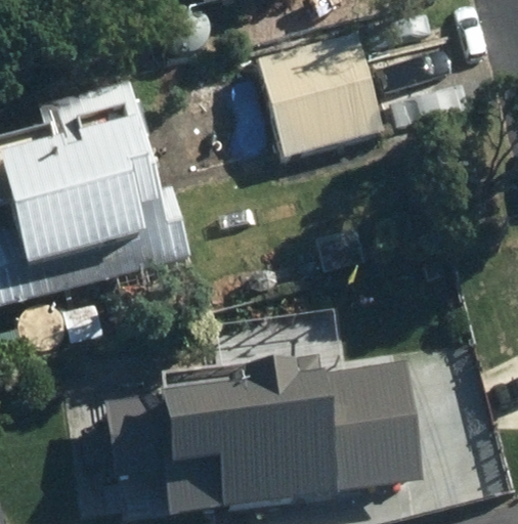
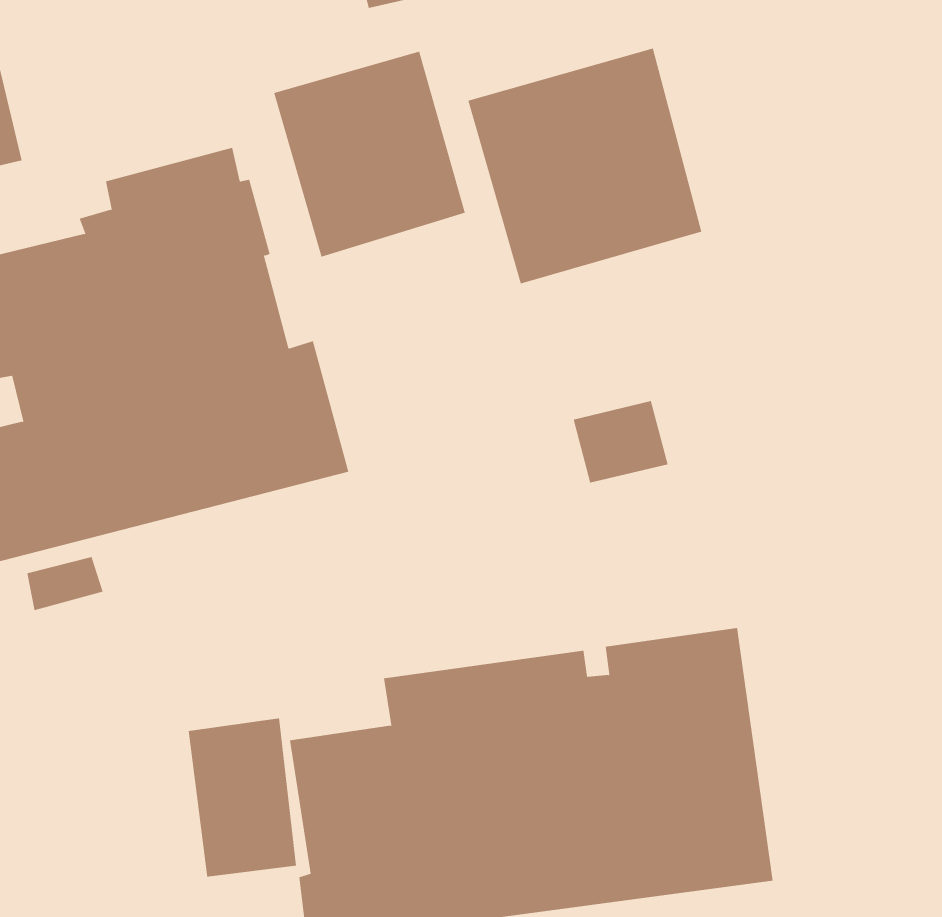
building: none -> [274,51,465,258]

